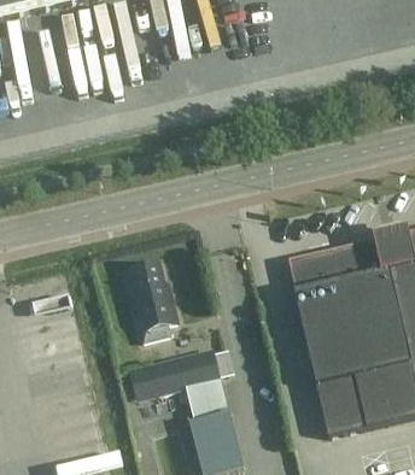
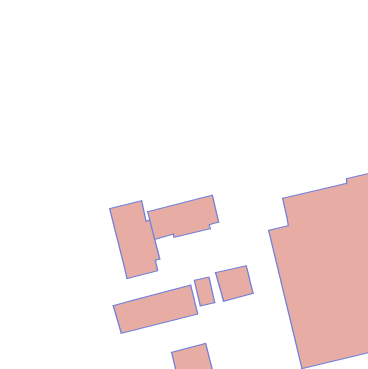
building: none -> [148,195,219,239]
building: [186,373,226,410] -> [215,266,253,301]

